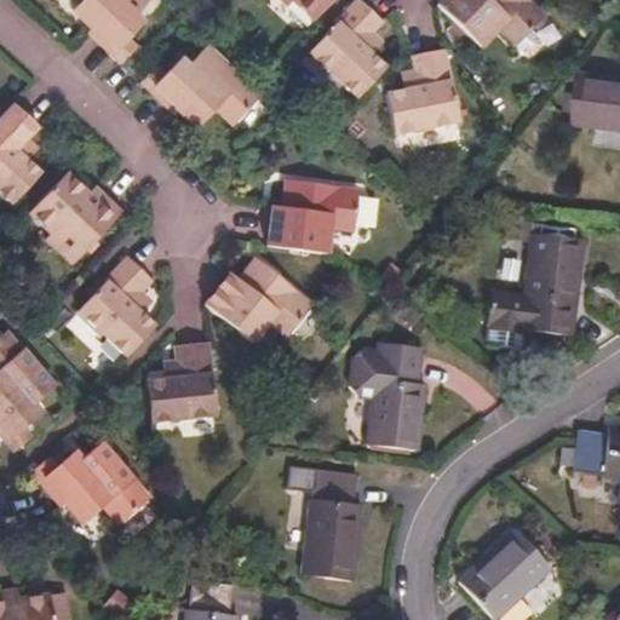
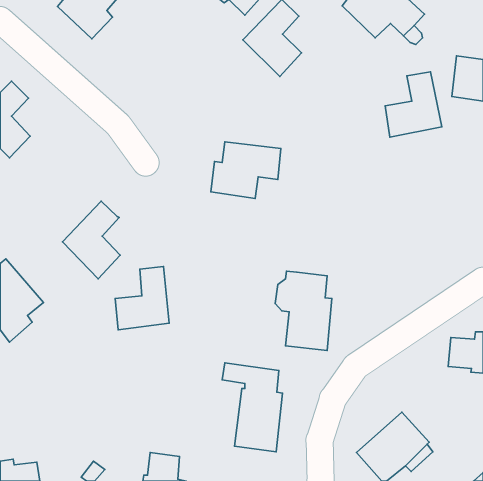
building: [155,46,260,127] -> none
building: [388,52,460,136] -> [385,72,442,137]
building: [29,171,120,263] -> none
building: [487,234,582,335] -> none
building: [207,260,314,343] -> none
building: [45,442,149,523] -> none

